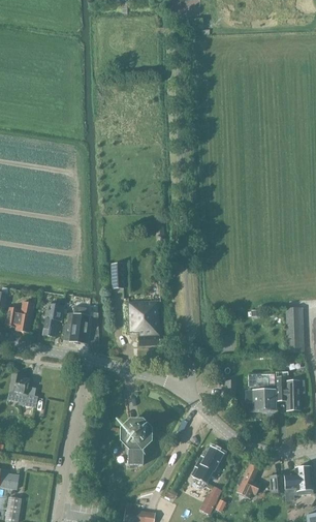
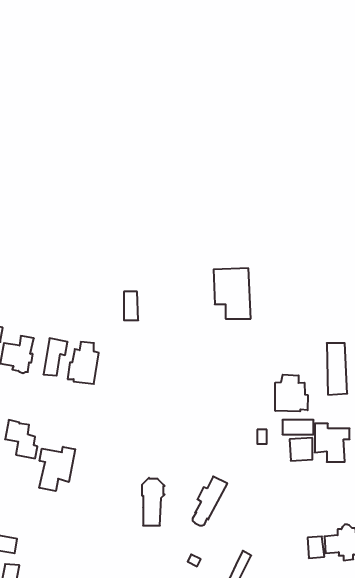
building: [128,301,160,344] -> [214,268,251,319]
building: none -> [275,375,308,411]
building: none -> [39,447,75,491]
building: [192,447,222,489] -> [193,476,227,526]
building: [236,464,260,498] -> none

